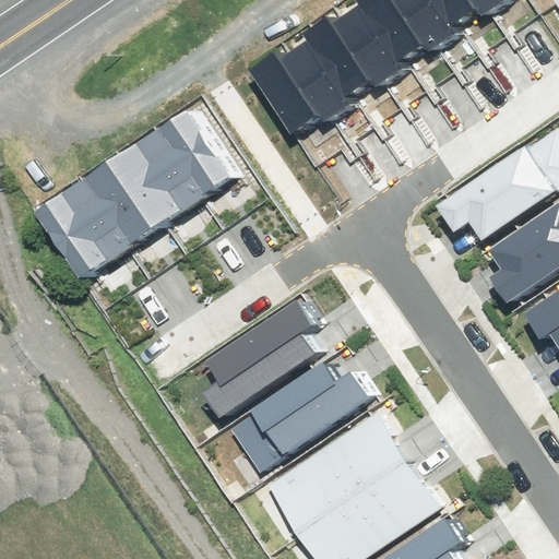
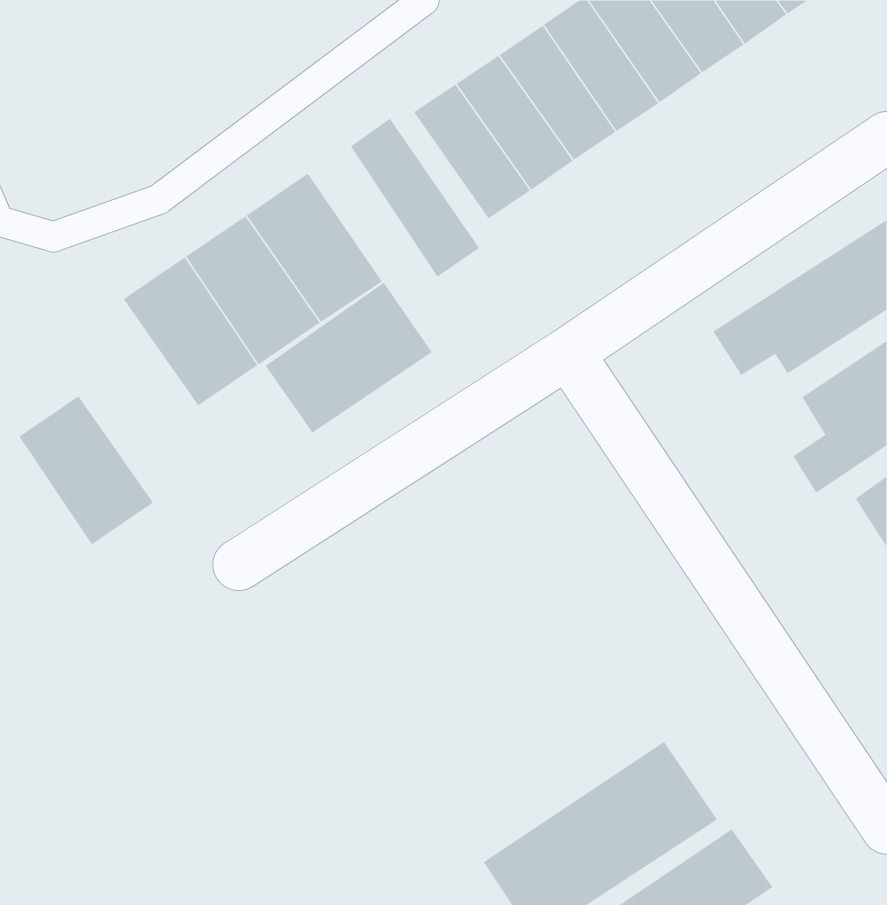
building: none -> [350,118,480,277]
building: none -> [265,282,432,433]
building: [38,187,121,278] -> [18,396,154,545]
building: [194,298,321,412] -> none
building: [231,364,371,472] -> none
building: [263,409,407,532] -> none

